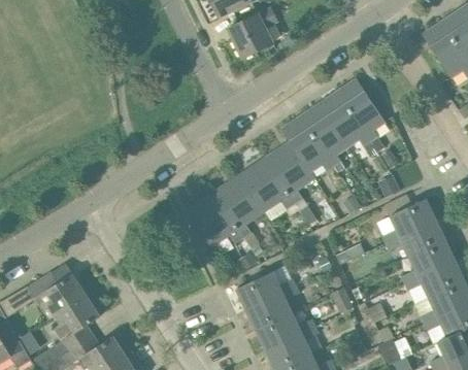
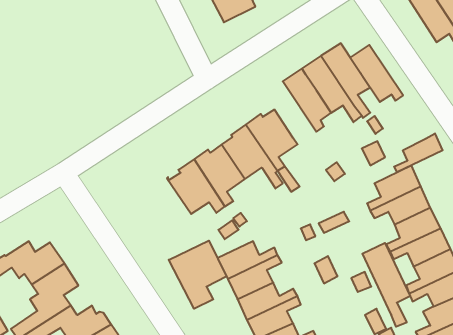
building: [281,115,333,171] -> [350,45,403,102]
building: none -> [394,133,443,172]
building: none -> [169,241,226,309]
building: none -> [362,243,410,327]

